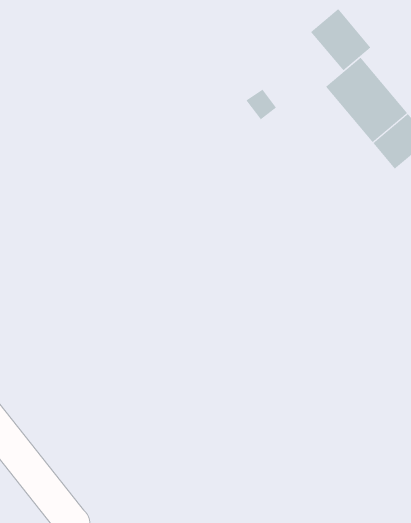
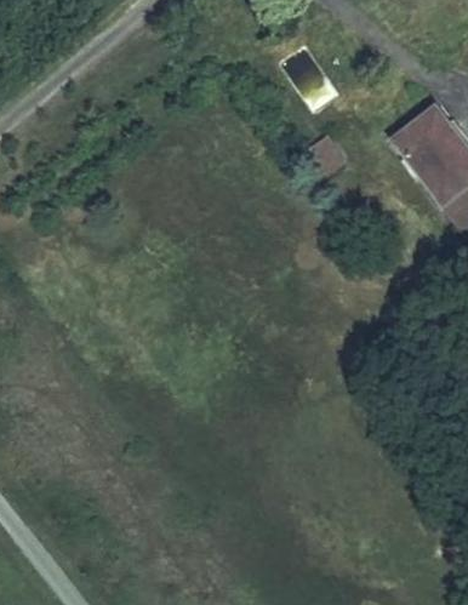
building: [310,8,371,71] -> none

